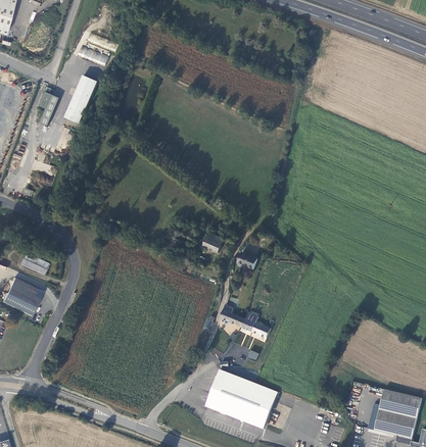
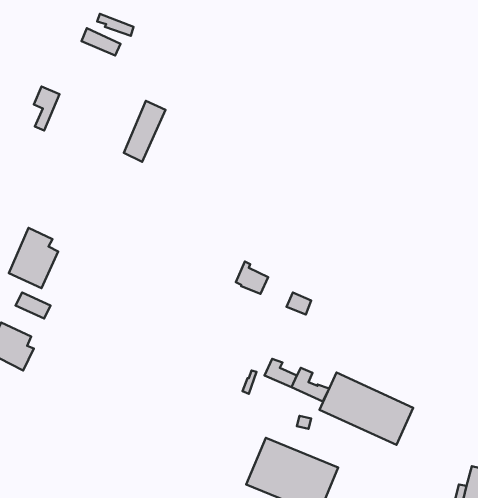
building: [64,75,97,122] -> [124,101,165,162]
building: none -> [9,228,58,288]
building: none -> [320,373,413,445]

